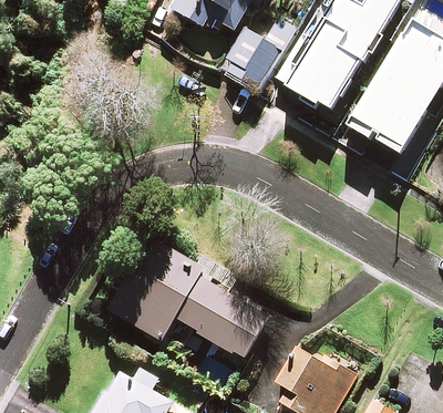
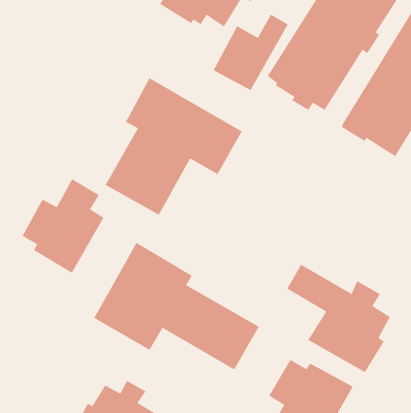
building: none -> [105,77,243,216]
building: none -> [22,178,104,274]
building: none -> [286,264,391,373]

